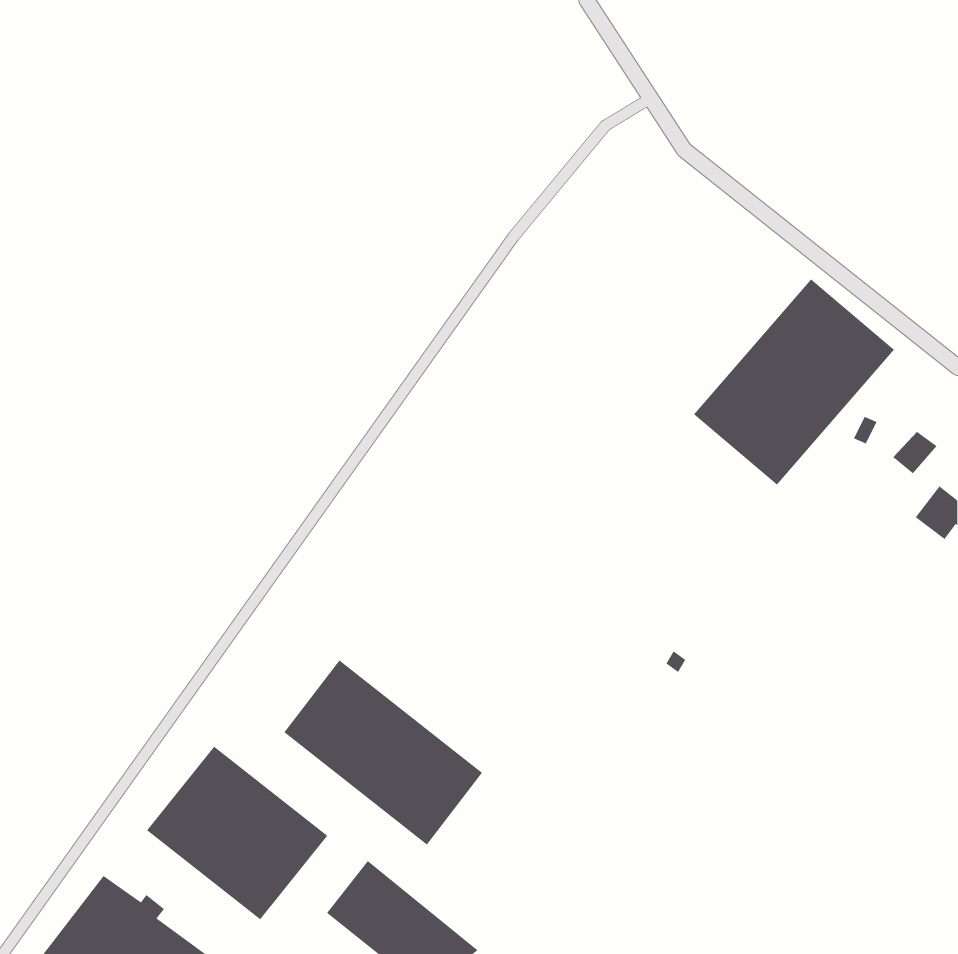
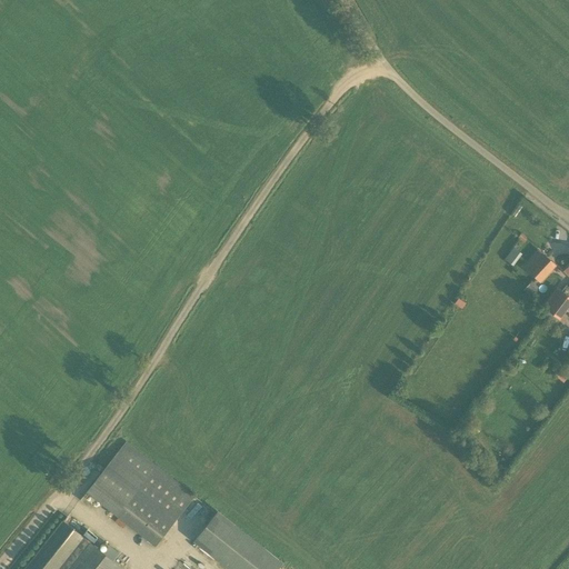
building: [693,279,895,485] -> none
building: [283,659,483,845] -> none

